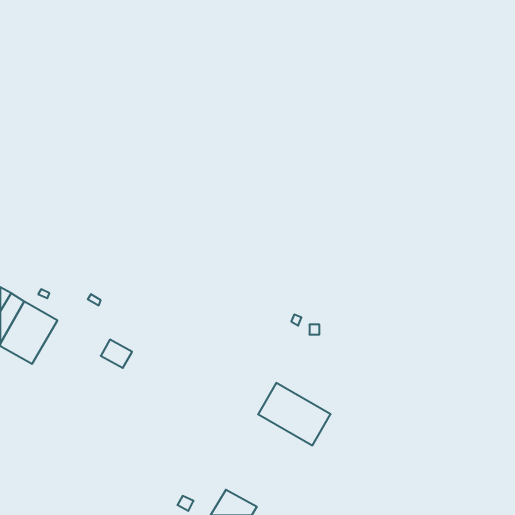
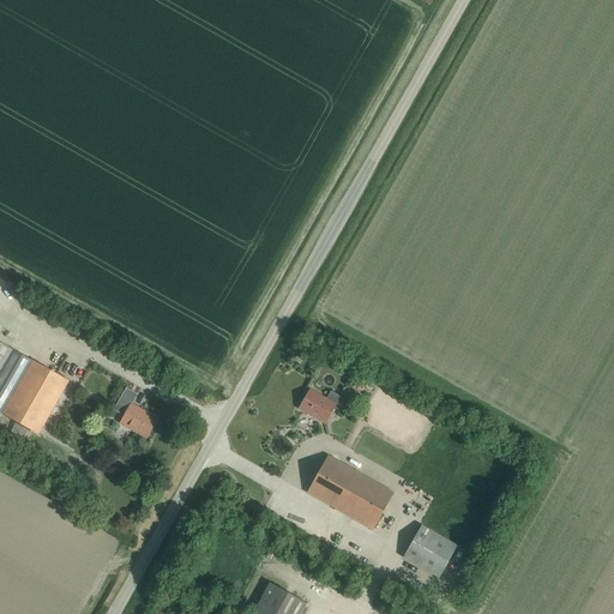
building: none -> [299,390,336,423]
building: none -> [403,525,457,578]

